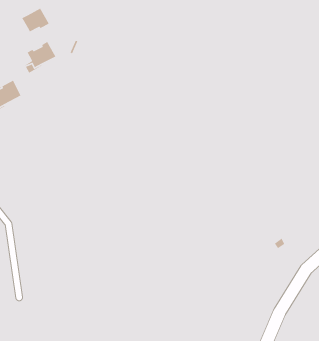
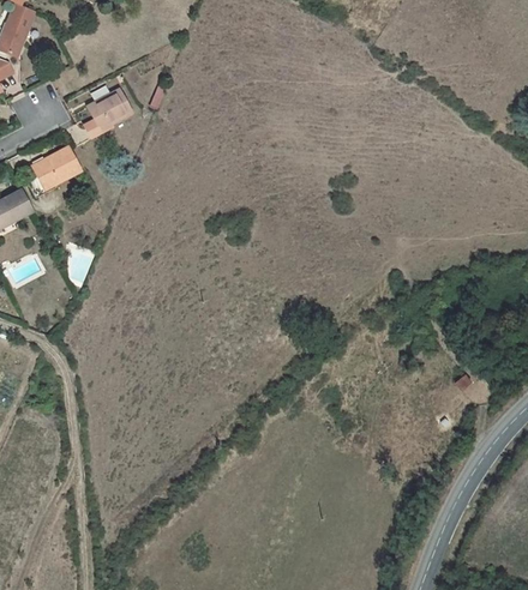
building: [21,7,50,33] -> none

